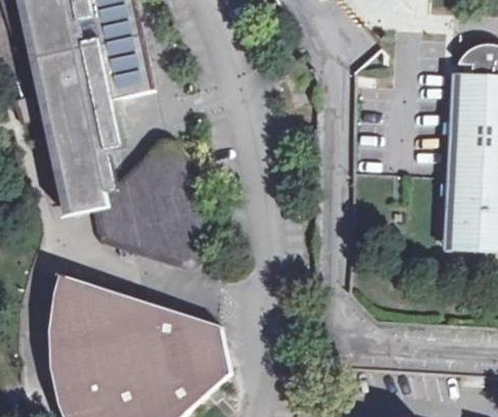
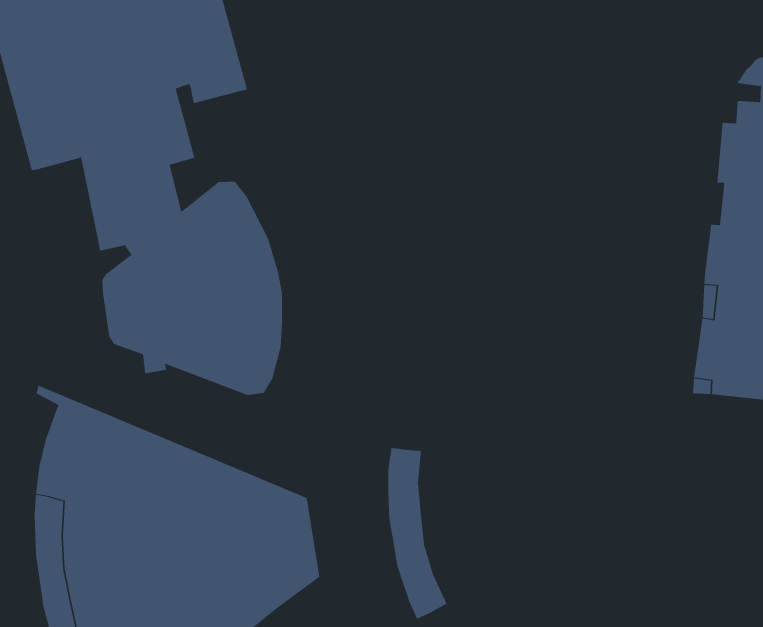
building: [49,131,107,215] -> none
building: none -> [388,447,447,620]

